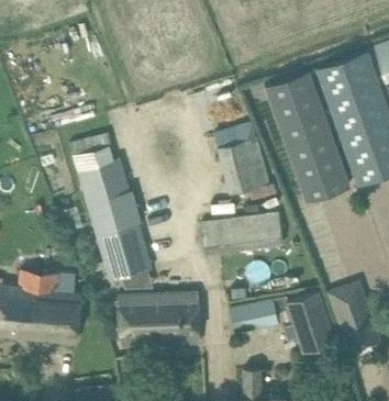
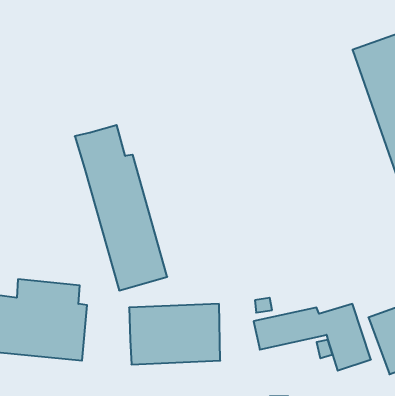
building: [266,68,349,200] -> none
building: [213,126,268,193] -> none
building: [200,213,282,255] -> none

